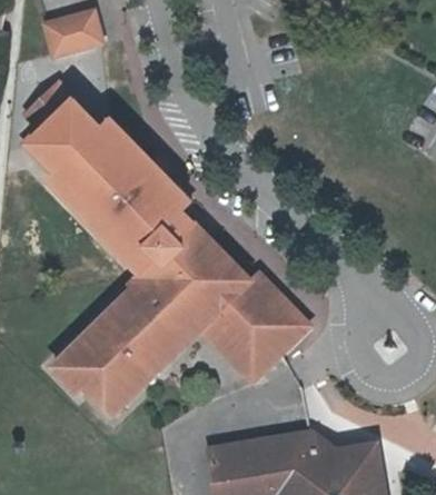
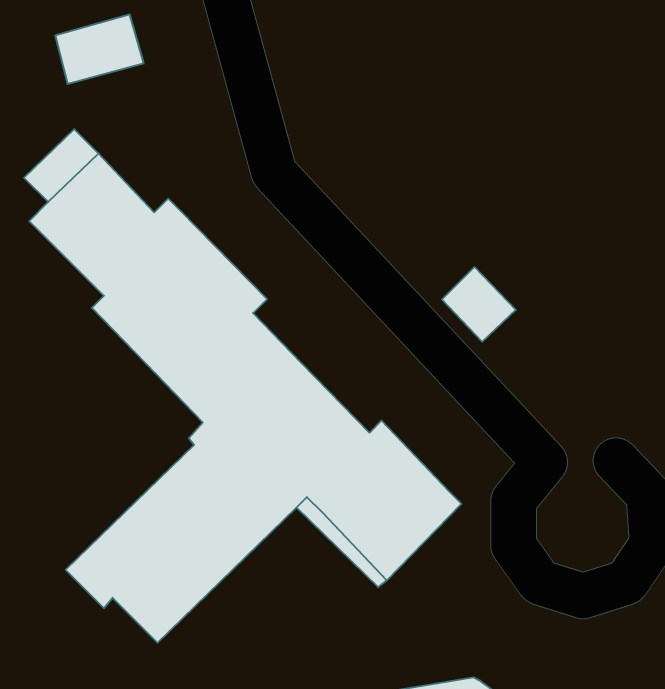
building: none -> [442,267,516,342]

